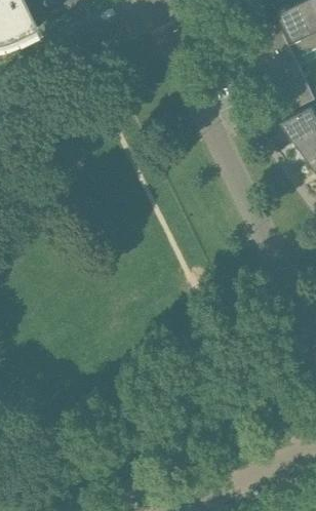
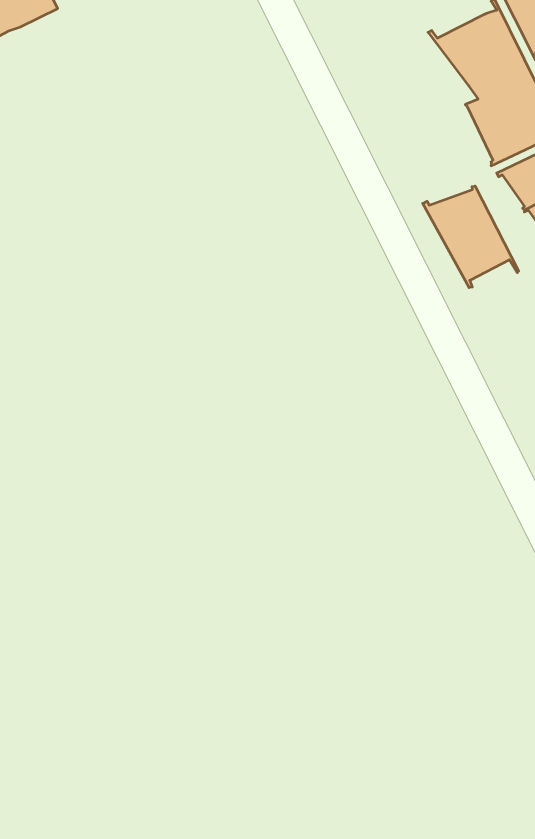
building: none -> [423,186,519,288]

